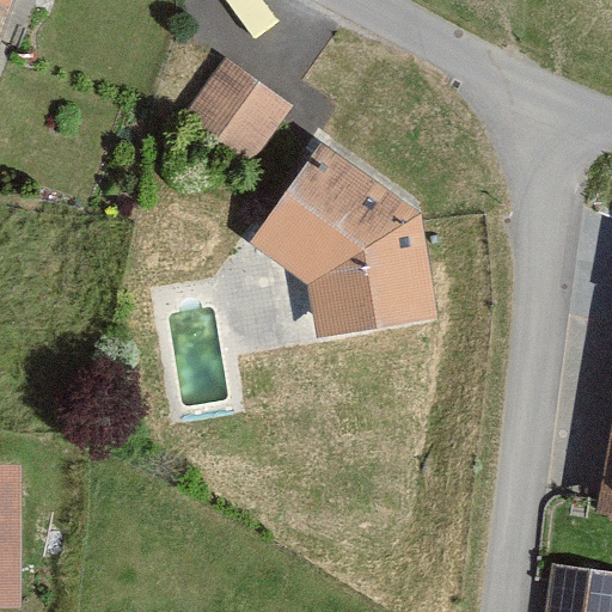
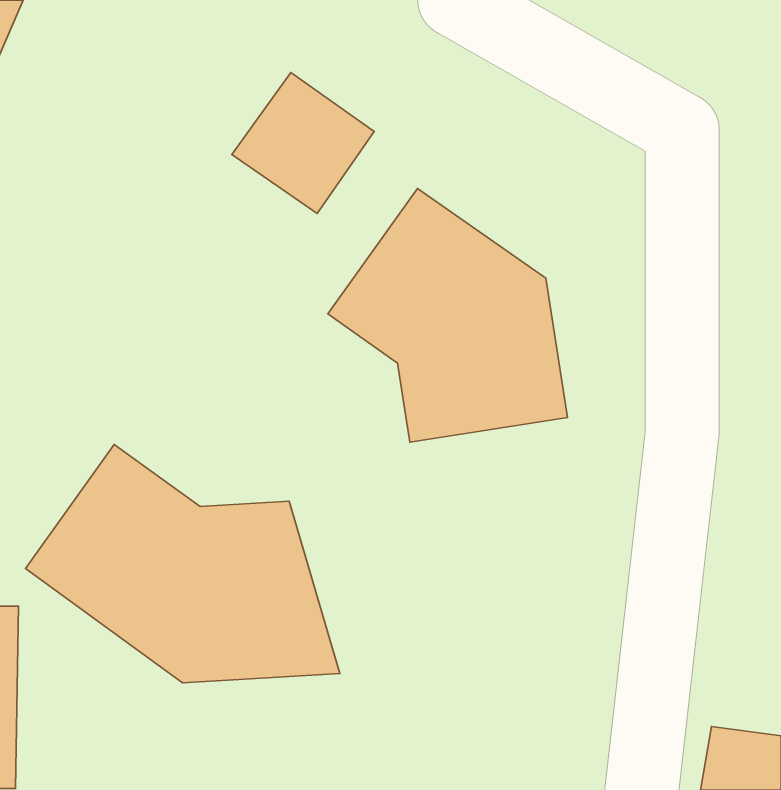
building: none -> [25,445,340,683]

